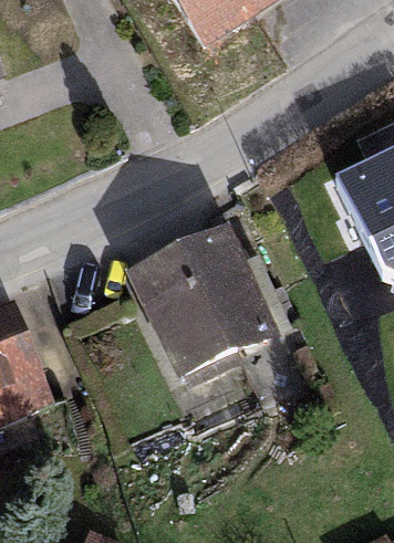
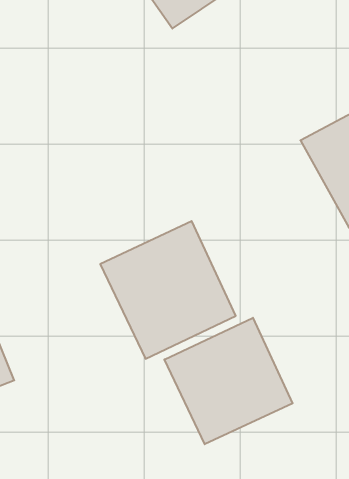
building: none -> [164,318,293,444]

